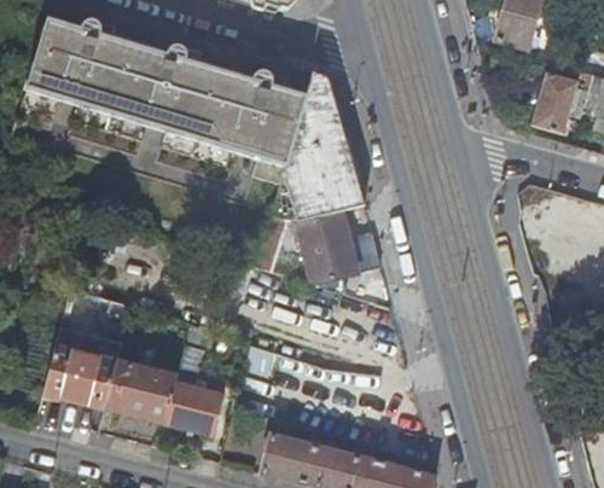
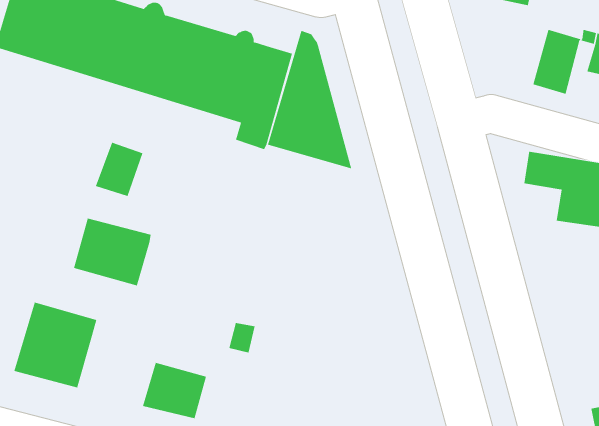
building: none -> [95,142,143,197]
building: [269,178,362,294] -> none
building: [104,359,178,423] -> [73,218,152,286]

